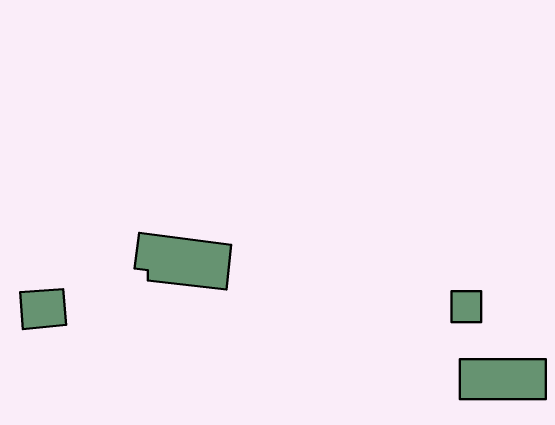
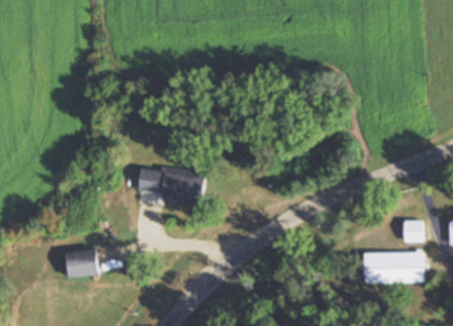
building: [20,289,66,329] -> [65,250,97,278]
building: [452,291,481,322] -> [403,221,423,243]

